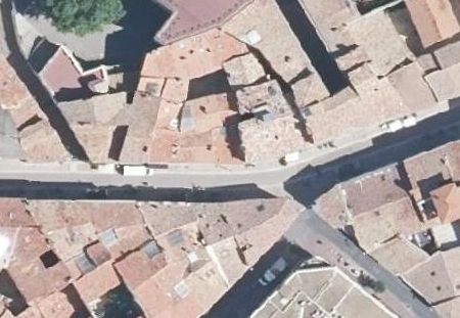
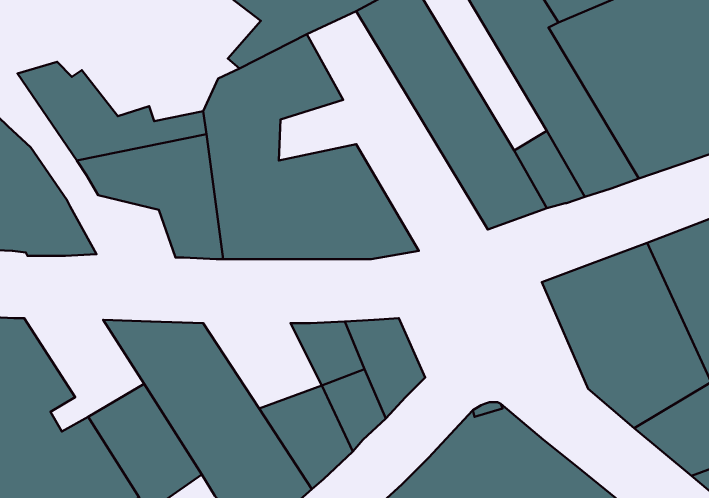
building: [200,10,313,160] -> none
building: [71,125,119,164] -> none
building: [322,179,375,245] -> none
building: [258,198,298,238] -> none
building: [25,201,99,263] -> none
building: [136,205,210,258] -> none

